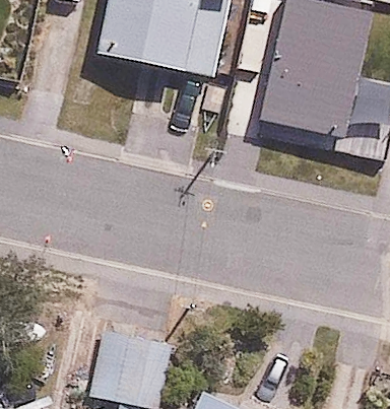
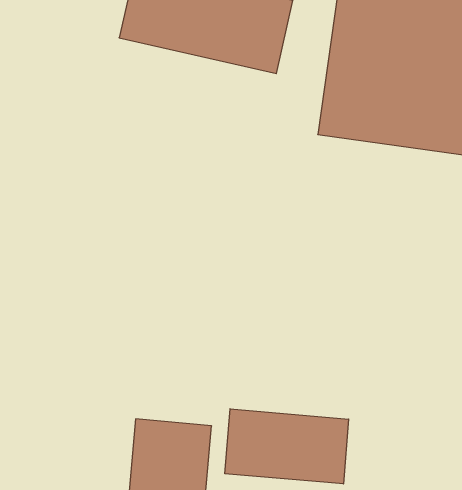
building: none -> [225,409,349,484]

